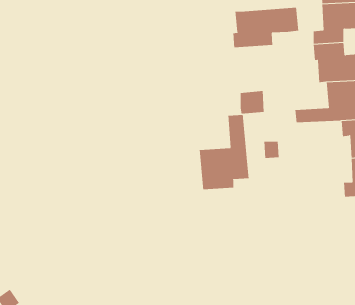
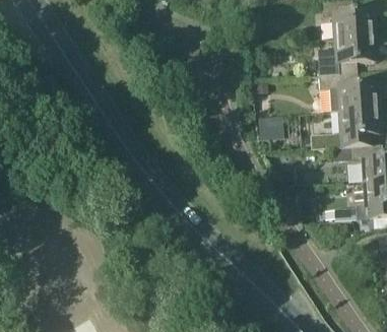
building: [233,7,299,48] -> none
building: [199,114,249,190] -> none

